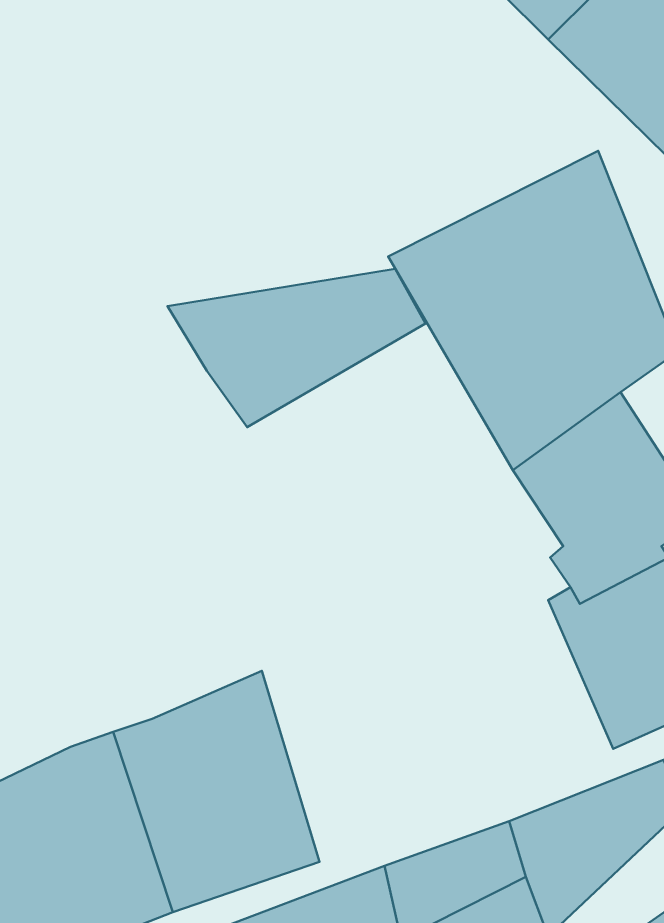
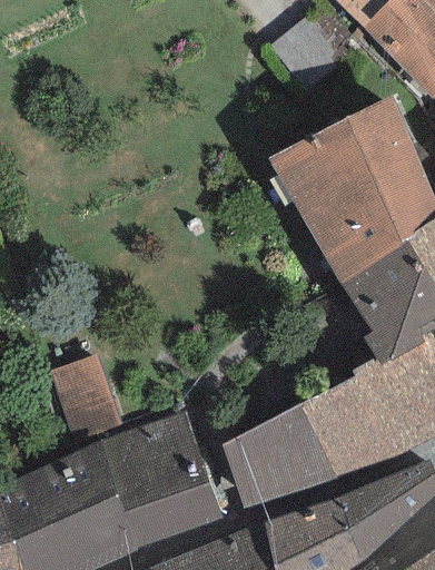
building: [167,269,426,427] -> none
building: none -> [49,356,126,453]
building: none -> [219,365,402,510]

